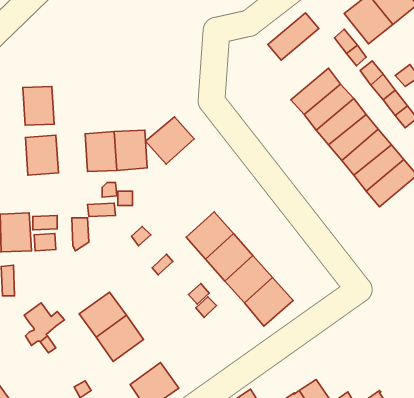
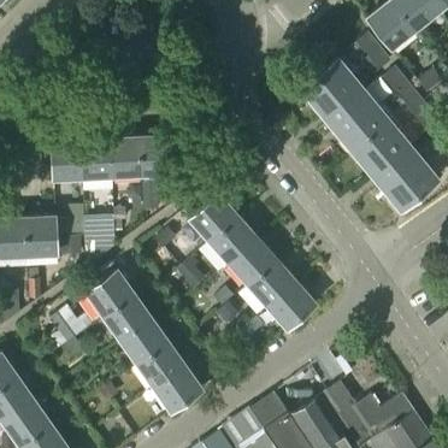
building: [268,13,319,60] -> [301,59,352,106]
building: [23,86,54,125] -> [82,140,113,178]
building: [145,117,194,164] -> [190,195,238,242]
building: none -> [79,271,135,322]
building: none -> [138,343,185,388]

